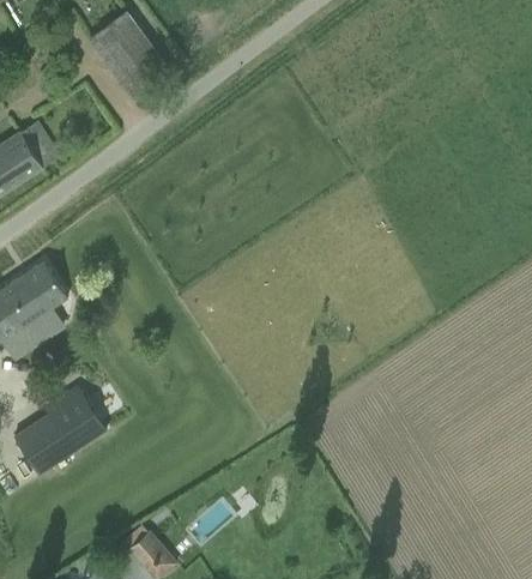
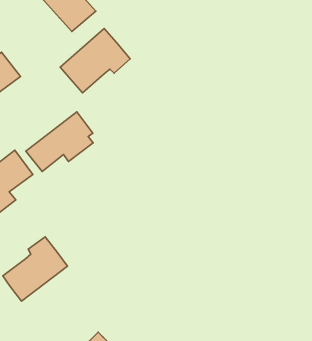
building: none -> [60,29,130,93]
building: none -> [26,112,93,172]

